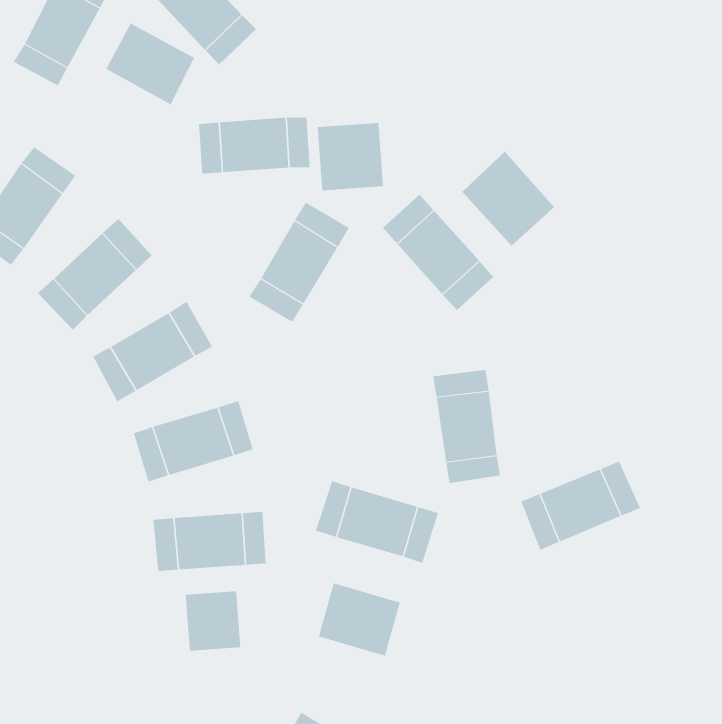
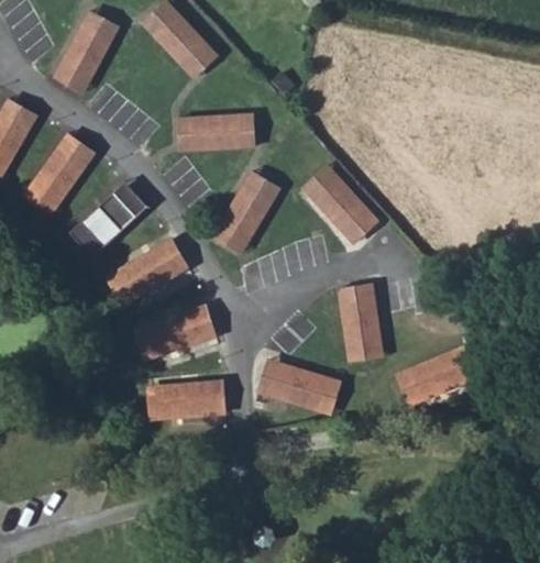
building: [105,23,195,105] -> none
building: [317,122,384,191] -> none
building: [461,151,555,247] -> none
building: [318,583,401,656] -> none
building: [185,590,241,652] -> none

